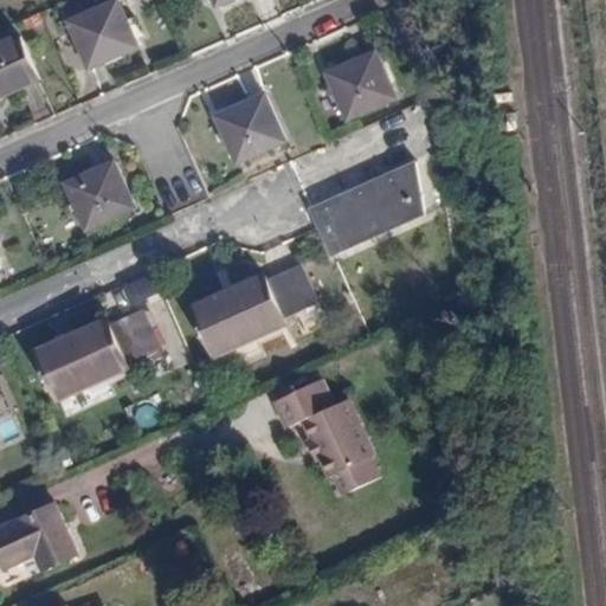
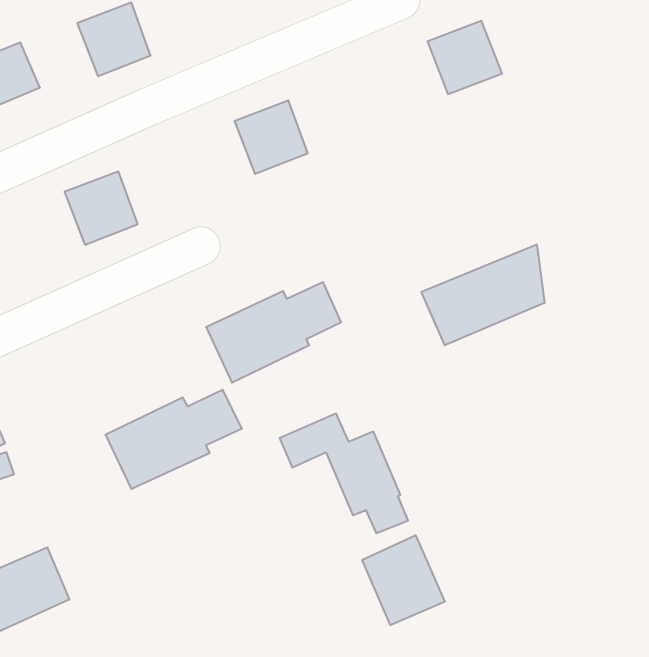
building: [328,50,397,117] -> [427,21,502,94]
building: [312,165,426,257] -> [421,245,545,345]
building: [31,309,156,400] -> [105,390,242,489]
building: none -> [362,535,445,625]

